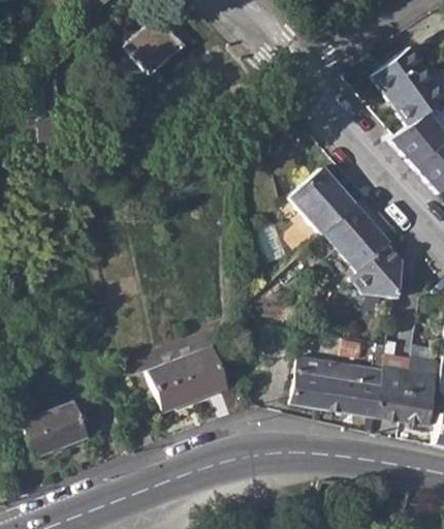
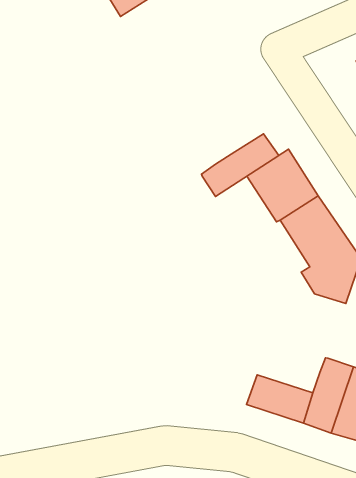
building: none -> [201,134,279,197]
building: [150,346,226,410] -> none
building: [293,355,385,408] -> none

